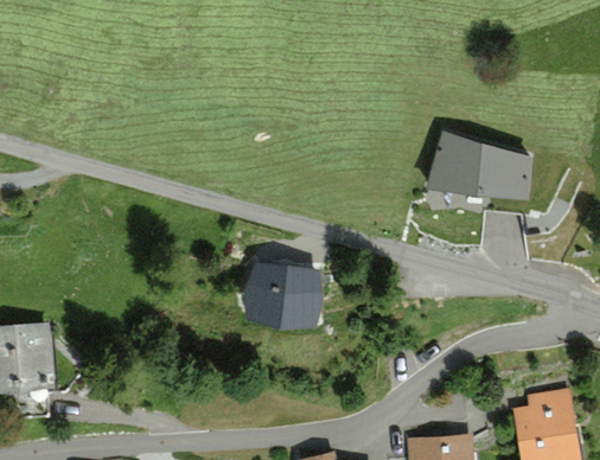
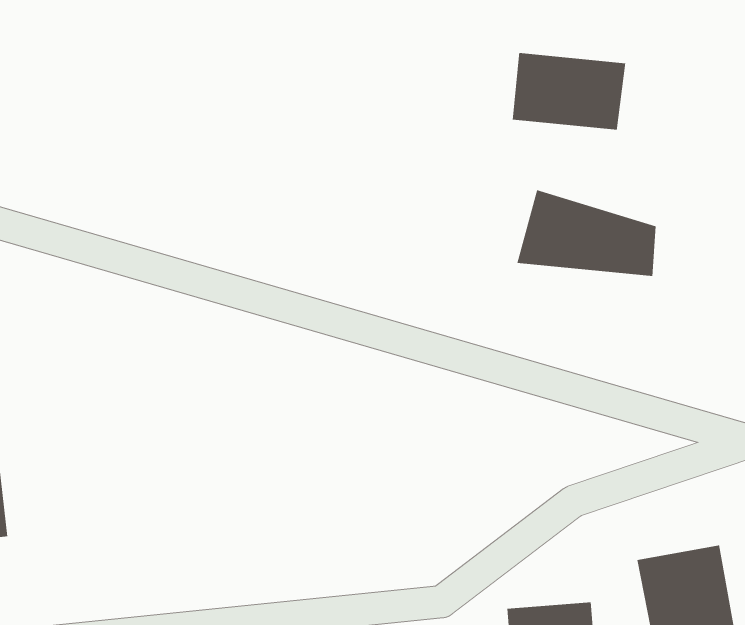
building: none -> [512,52,626,131]
building: [251,262,323,322] -> none

